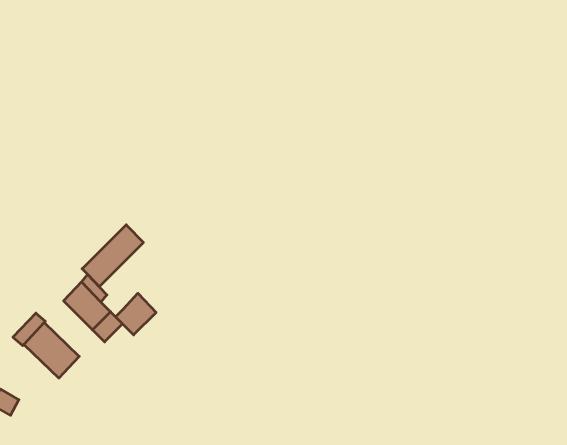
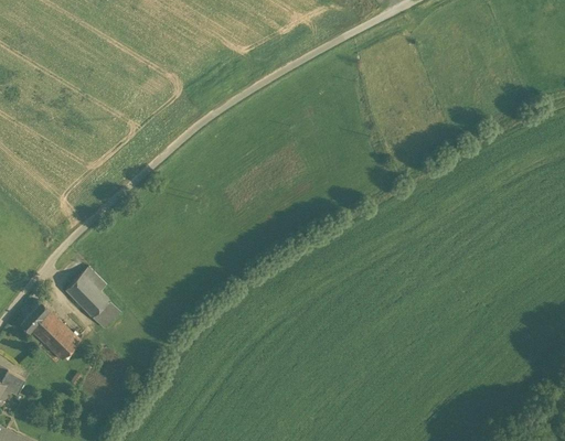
building: [82,225,143,287] -> none
building: [116,293,156,335] -> none

